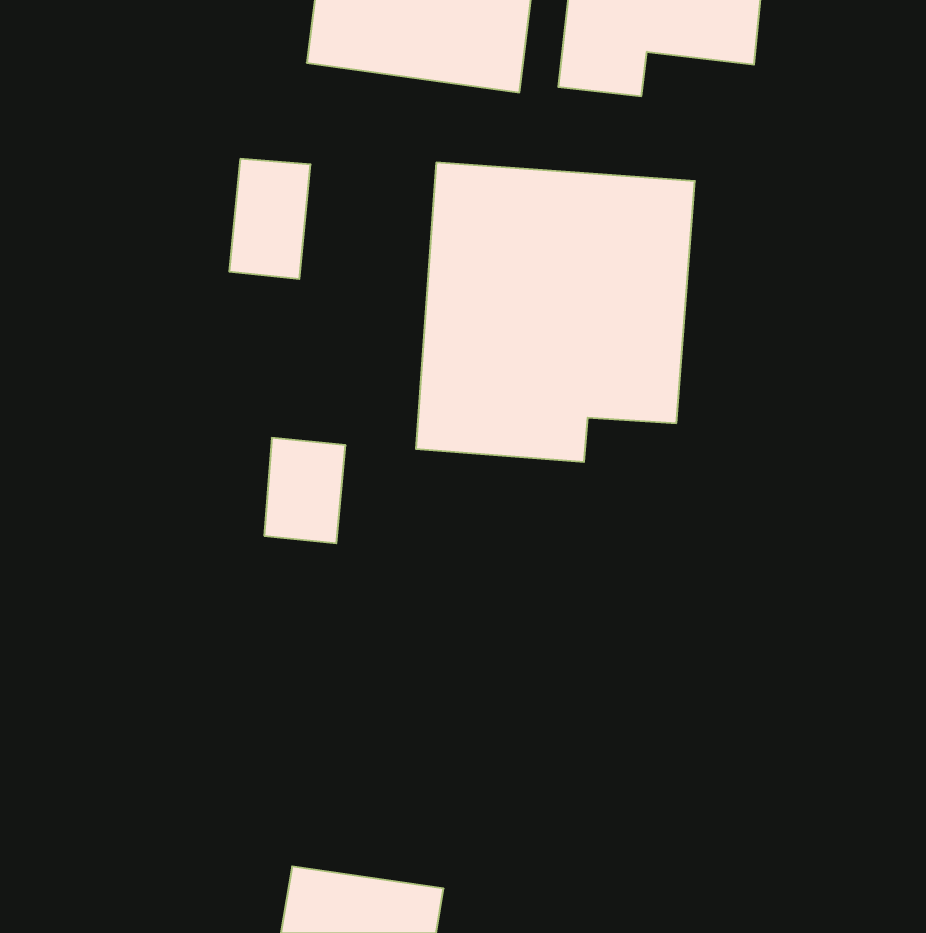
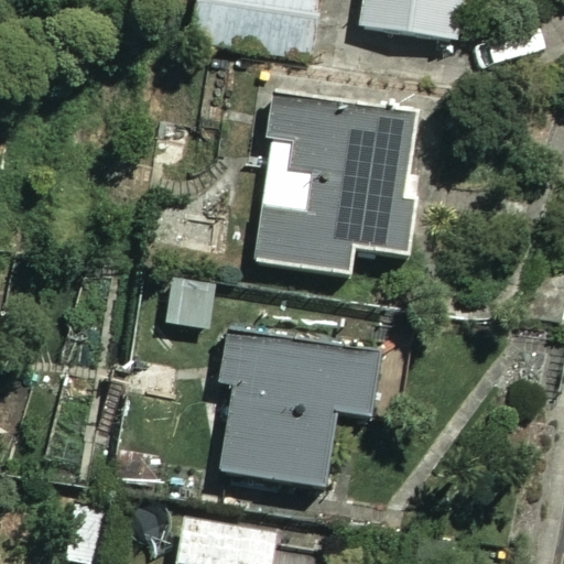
building: none -> [219,333,372,481]

